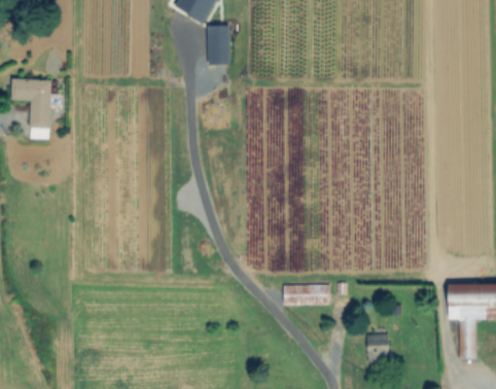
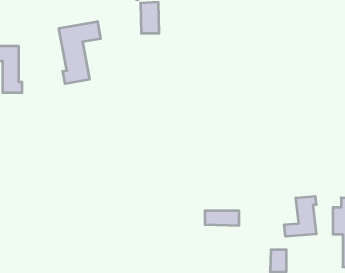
building: none -> [59,21,101,84]
building: none -> [284,196,316,236]

